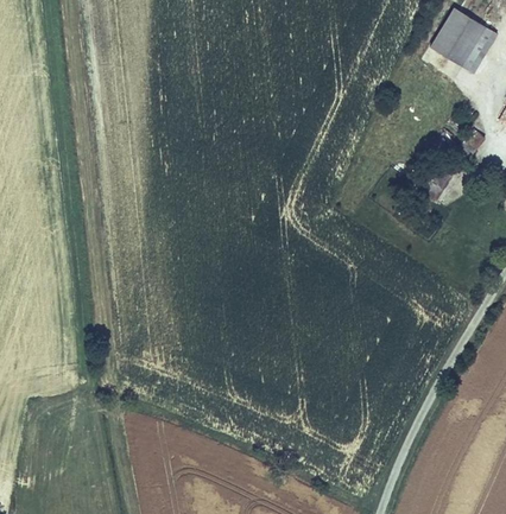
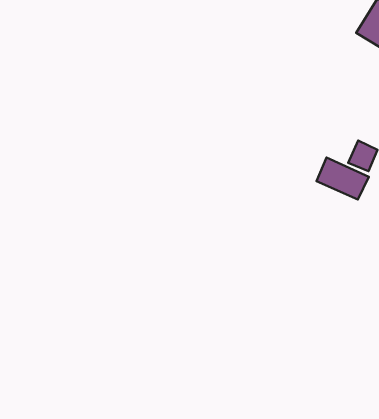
building: none -> [316,158,369,200]

